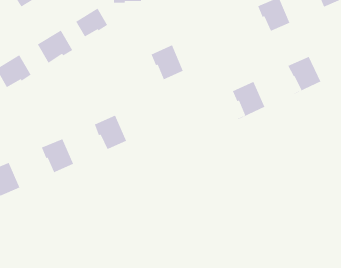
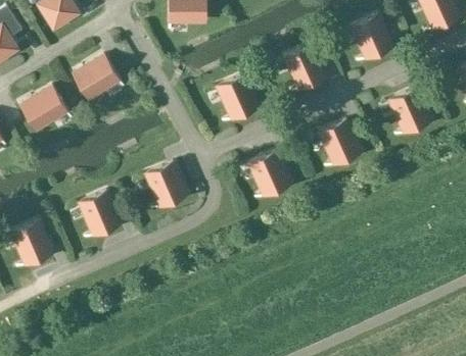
building: [75,8,108,43] -> none
building: none -> [283,45,326,94]
building: none -> [248,152,290,201]

